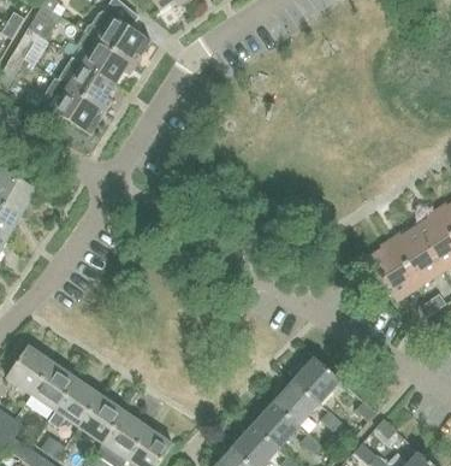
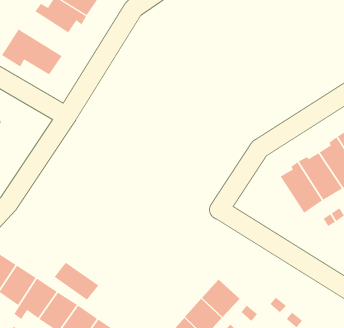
building: [57,55,114,111] -> none
building: [293,356,340,402] -> none
building: none -> [54,262,99,300]

